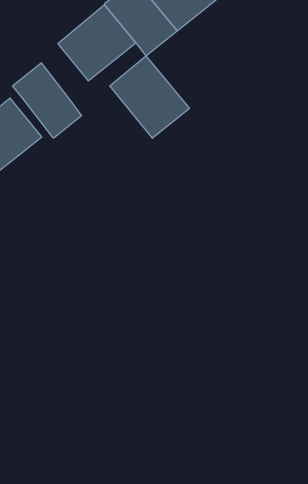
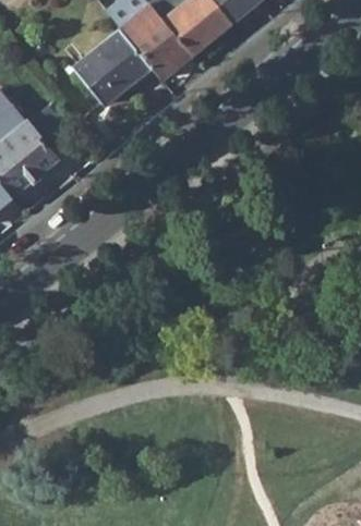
building: [110,56,189,138] -> none
building: [12,63,82,138] -> none

